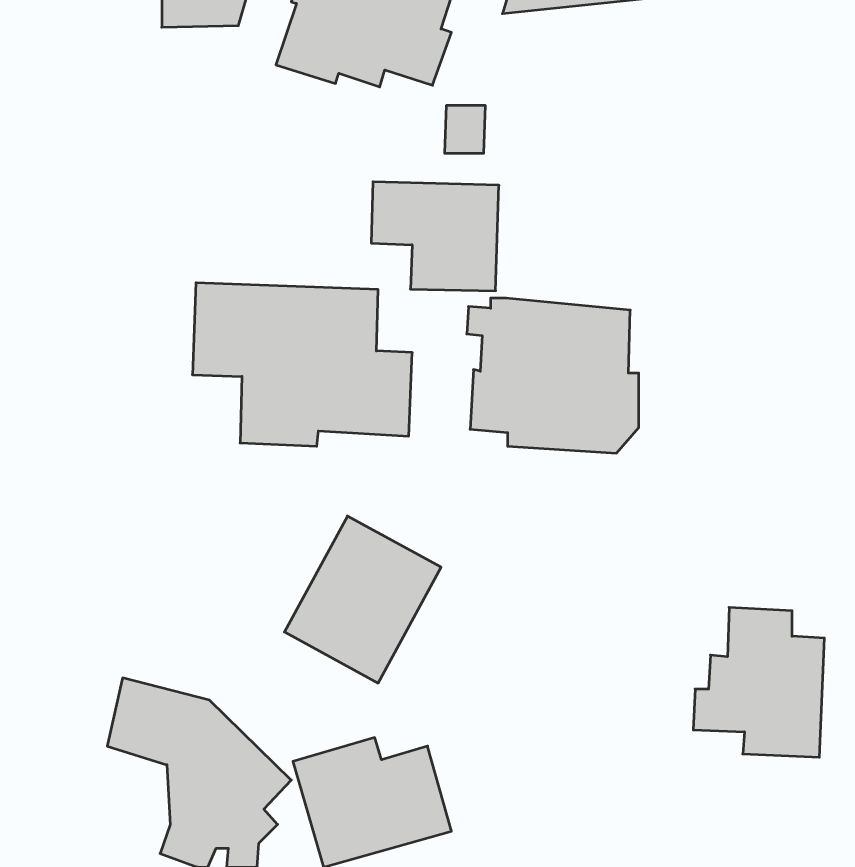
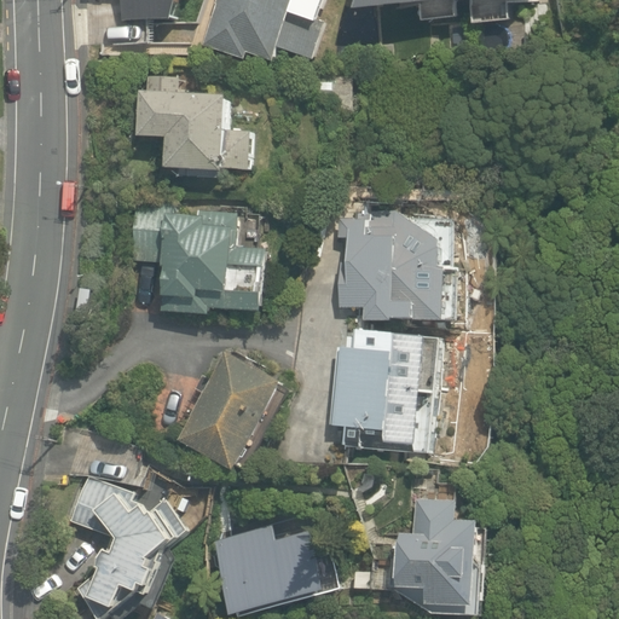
building: [371,182,499,291] -> [135,92,226,169]
building: none -> [324,328,433,451]
building: [693,607,824,757] -> [382,498,475,604]

